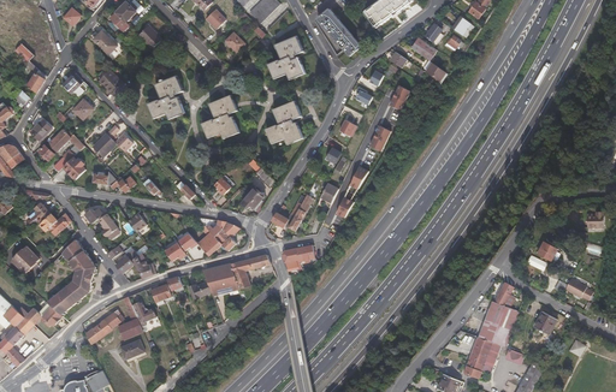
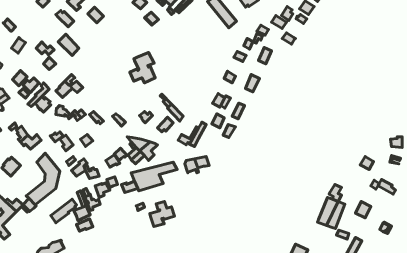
building: [265,32,301,76] -> none
building: [148,75,184,118] -> none
building: [263,102,301,148] -> none
building: none -> [150,201,174,226]
building: [462,340,499,380] -> none

